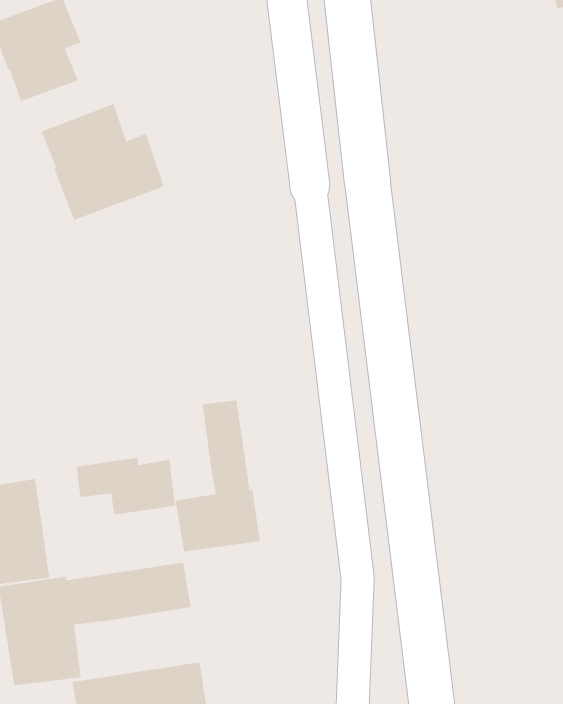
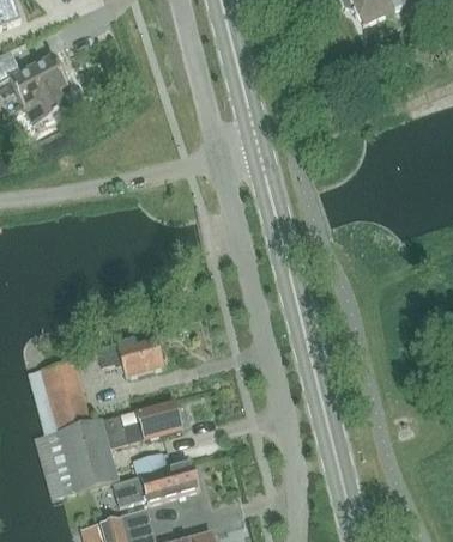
building: [41,103,165,221] -> none
building: [175,399,260,552] -> none

